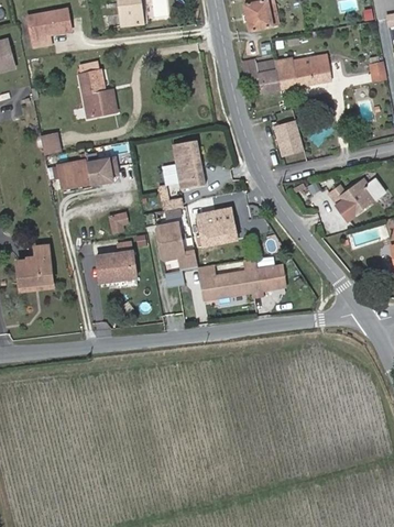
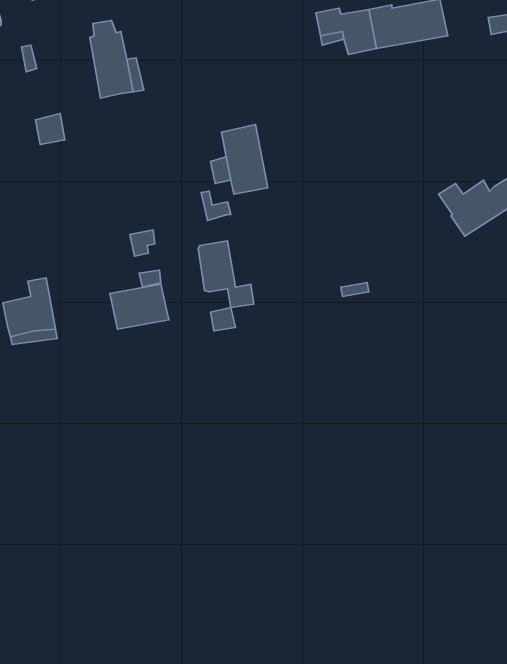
building: [276,120,302,151] -> none
building: [58,158,119,190] -> none
building: [195,208,234,246] -> none
building: [197,256,284,297] -> none

